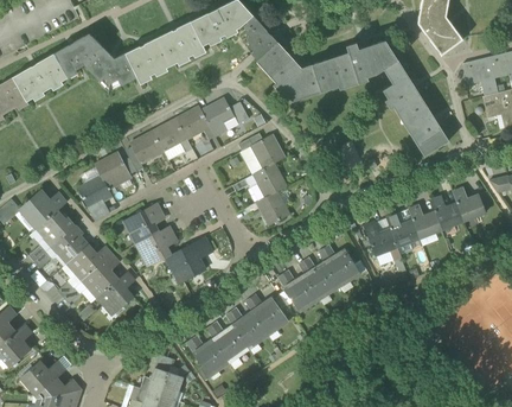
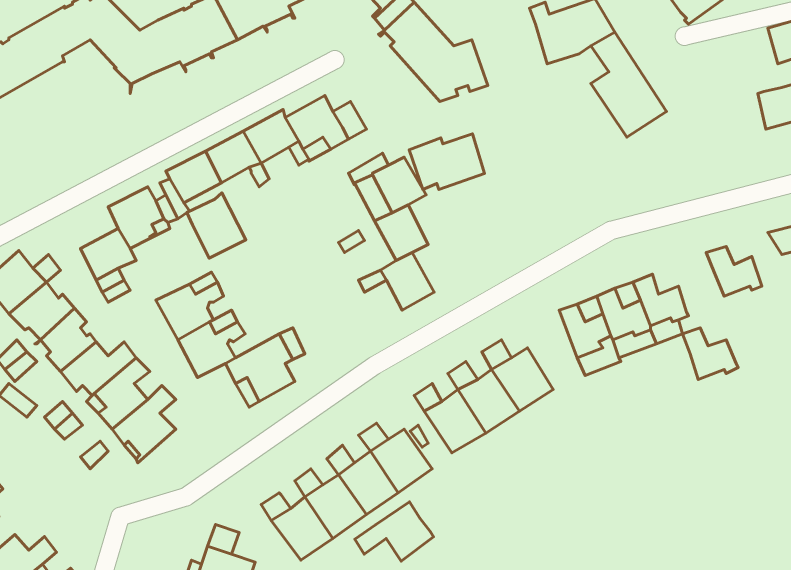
building: [312,55,357,88] -> [409,134,485,189]
building: [462,57,497,95] -> none
building: [404,107,448,153] -> none
building: none -> [187,193,246,258]
building: [430,196,463,227] -> [682,328,738,380]
building: none -> [355,502,434,561]

